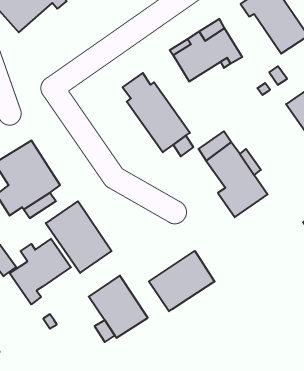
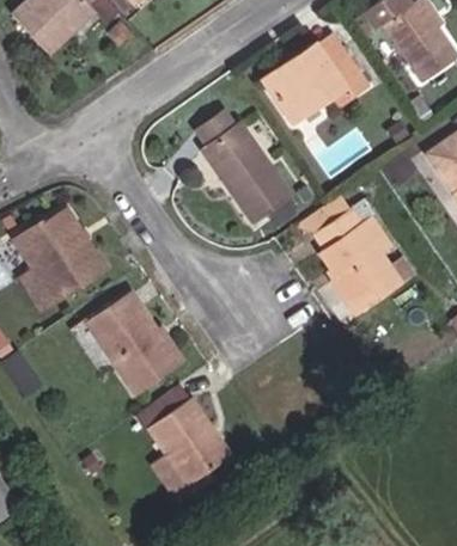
building: [9,239,71,304] -> none
building: [149,251,215,311] -> none

